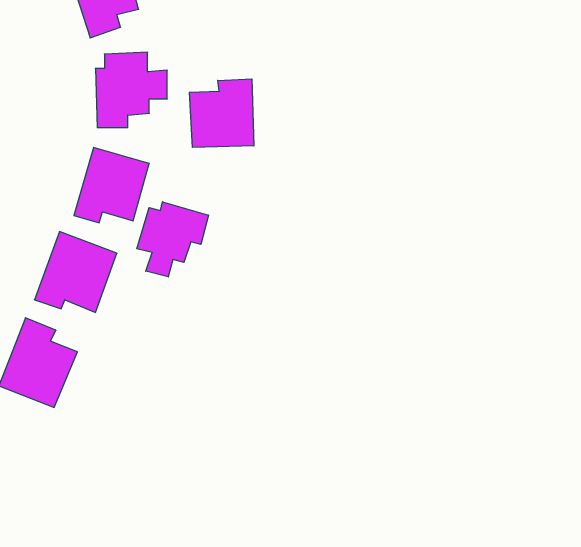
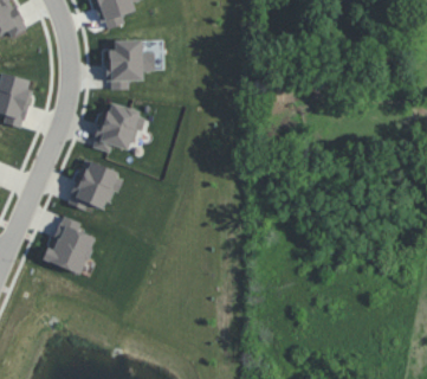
building: [189,79,254,147] -> none
building: [137,202,208,277] -> none

